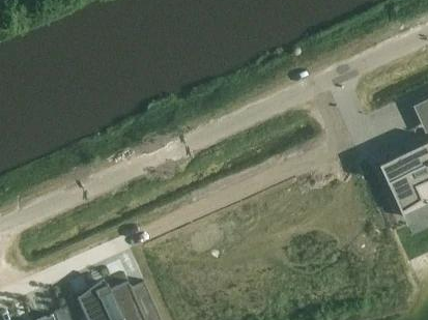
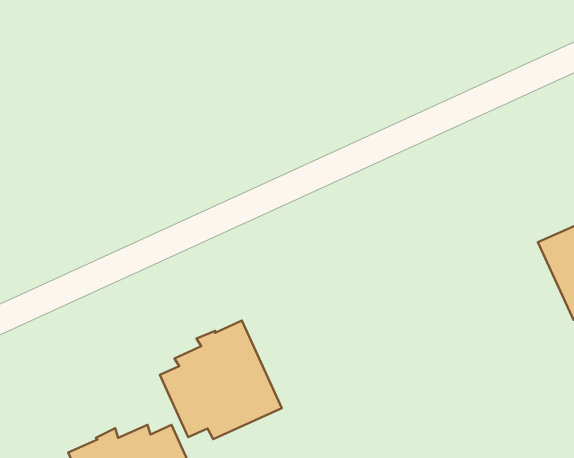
building: none -> [160,321,282,439]

